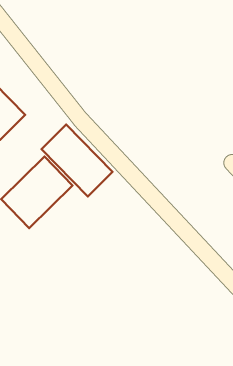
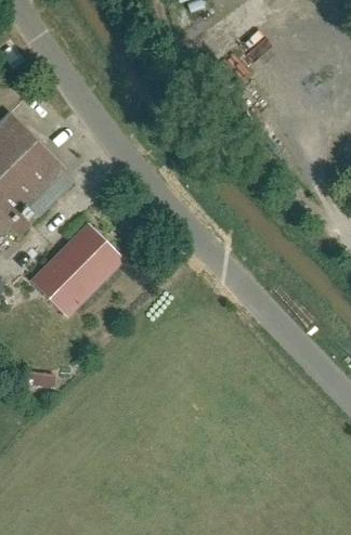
building: [41,124,113,196] -> none

